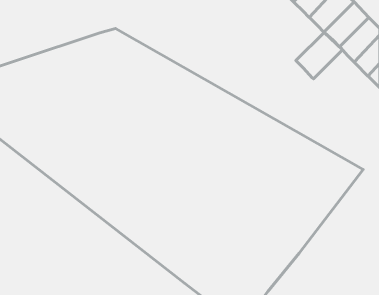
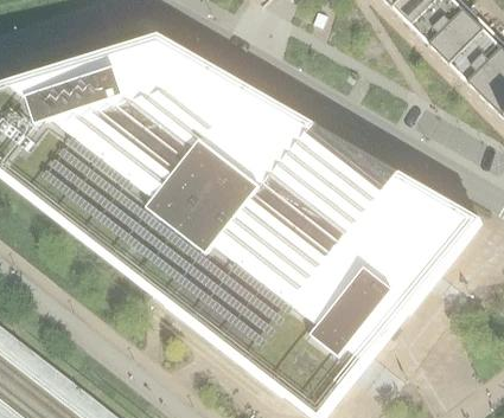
building: [296,32,342,79] -> none

